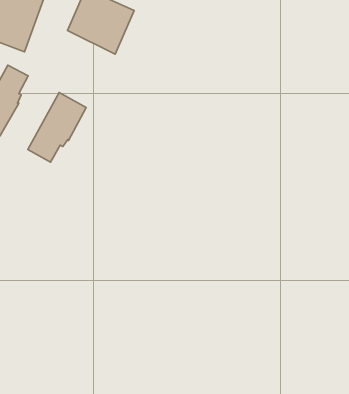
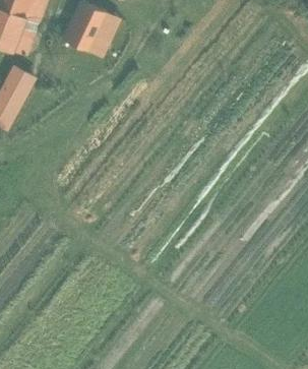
building: [28,93,86,162] -> none

